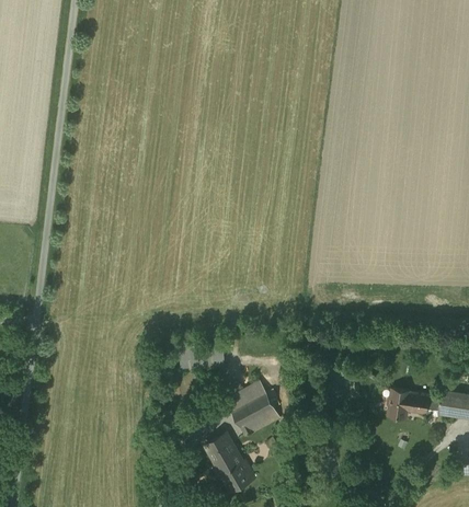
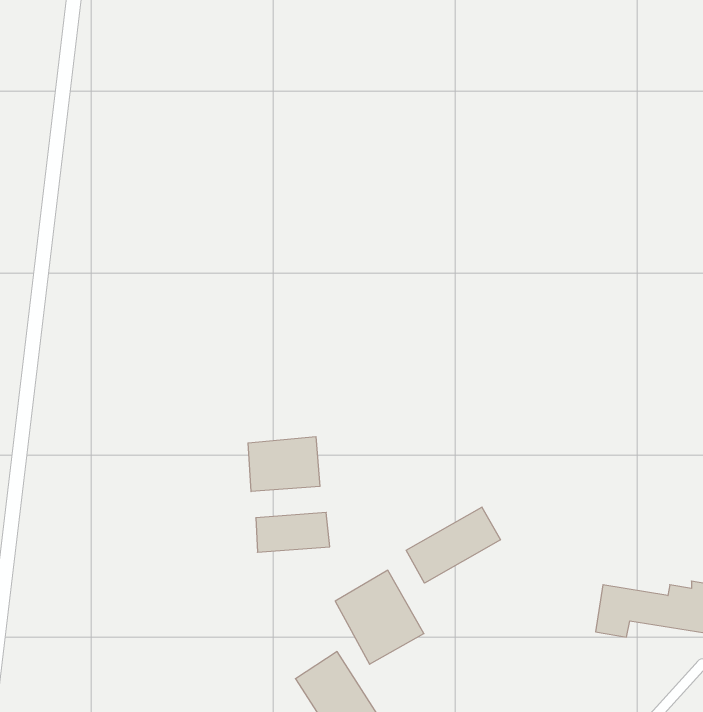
building: none -> [248,437,320,492]
building: none -> [406,507,500,583]

